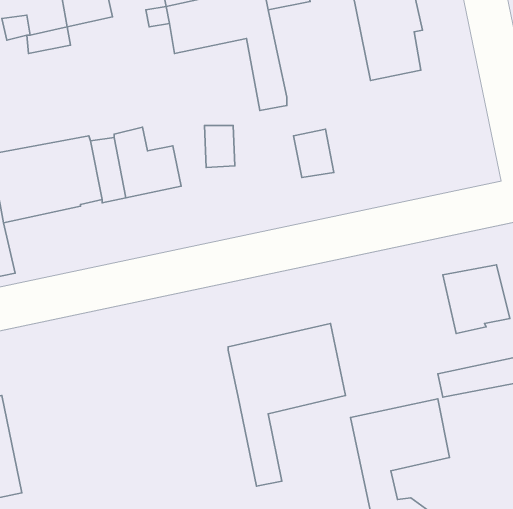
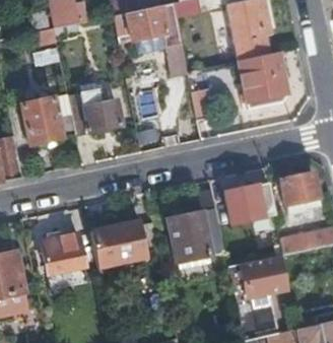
building: none -> [240,53,289,110]
building: none -> [224,185,264,226]
building: none -> [90,220,159,268]
building: none -> [42,232,86,274]

